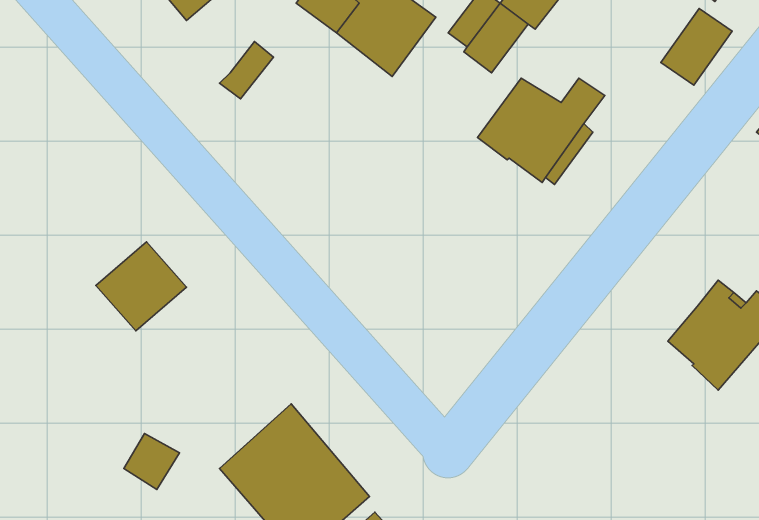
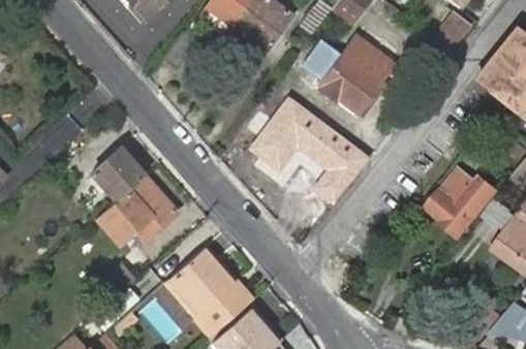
building: none -> [250,95,370,203]
building: none -> [96,175,175,241]

